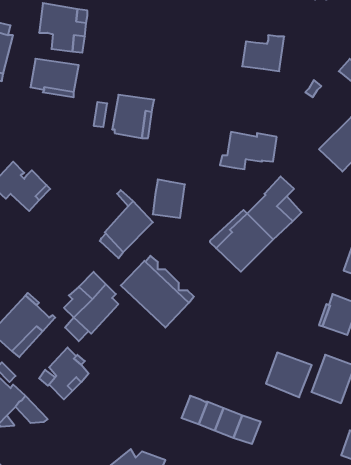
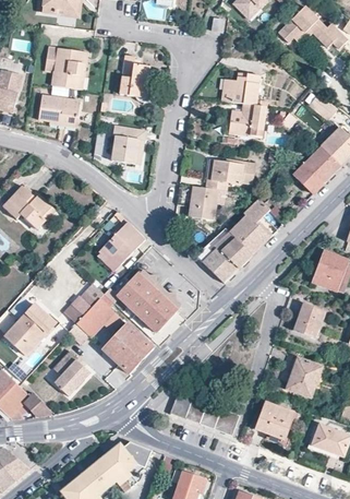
building: none -> [119,55,149,102]
building: none -> [228,104,266,138]
building: [153,179,185,218] -> [189,187,217,221]
building: none -> [101,322,153,373]
building: [266,353,312,397] -> [255,401,295,440]

